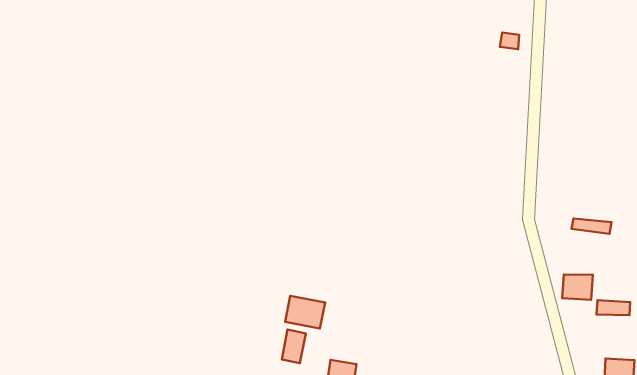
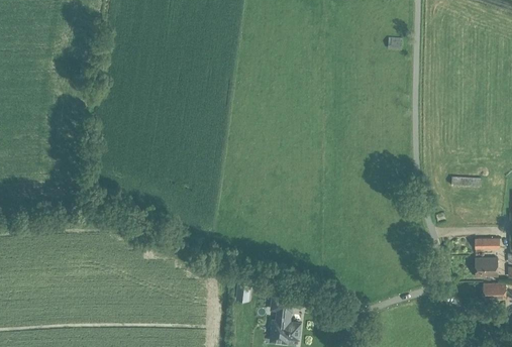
building: [562,275,593,300] -> [475,257,497,276]
building: [285,296,325,329] -> none

